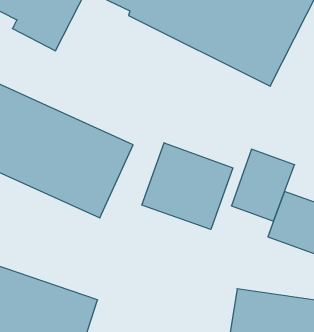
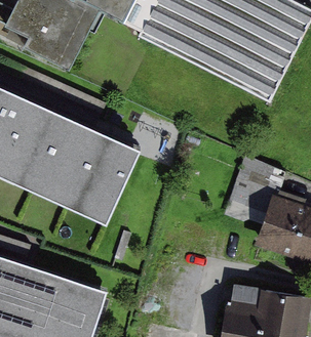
building: [142,143,233,229] -> none

